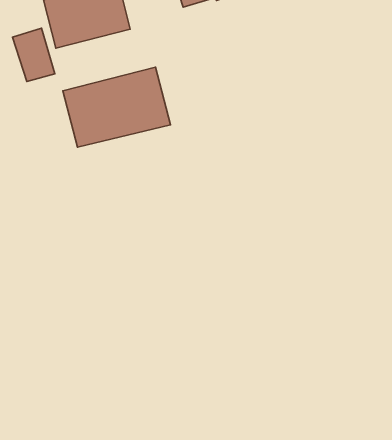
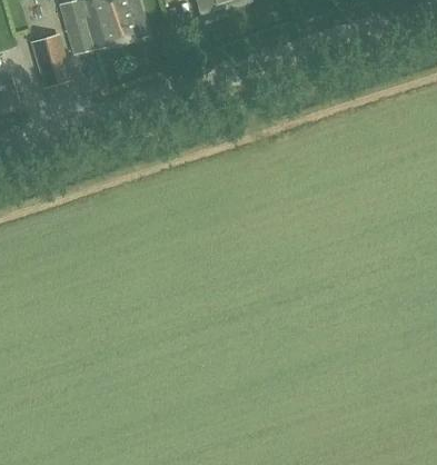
building: [63,67,171,147] -> none

